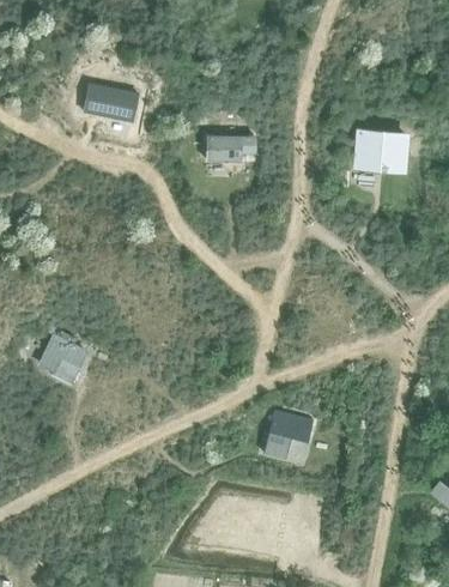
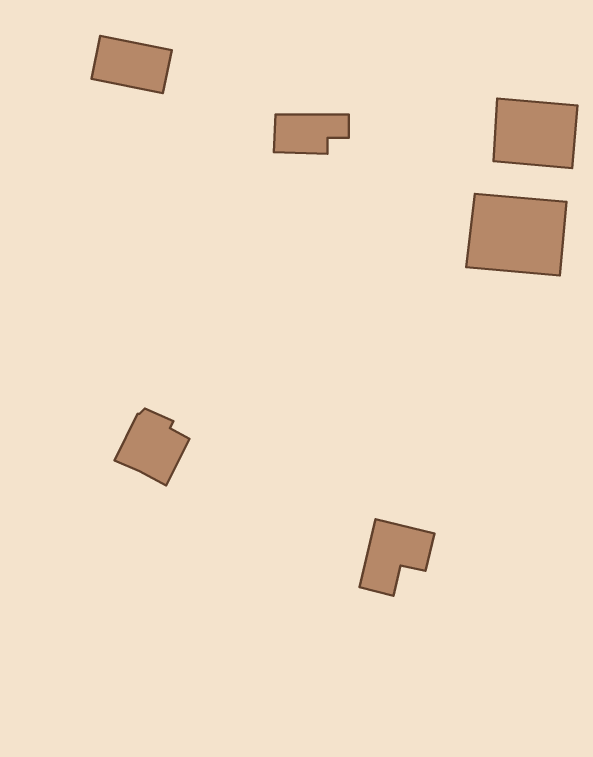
building: none -> [466,194,566,275]
building: [37,332,87,383] -> [114,409,189,486]

